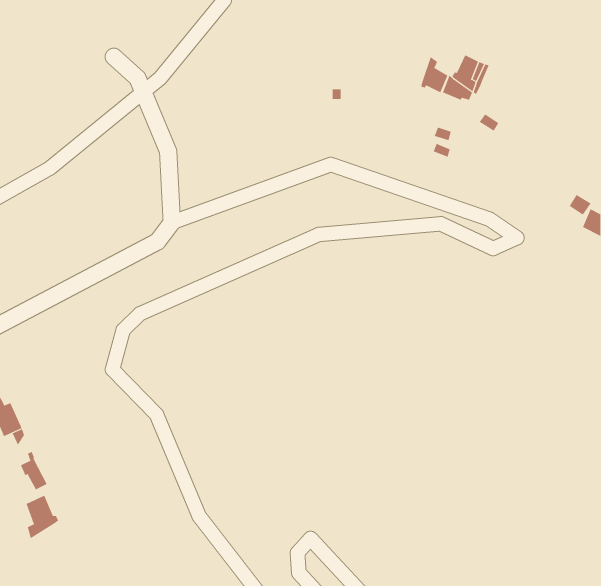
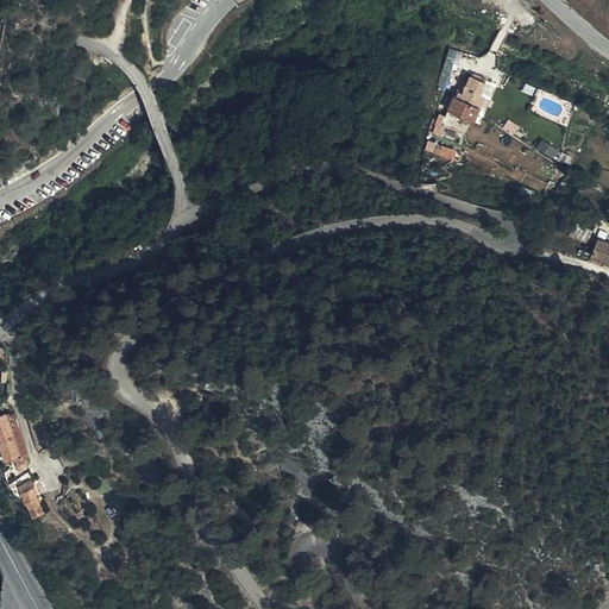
building: [421,56,448,93] -> none
building: [26,495,59,539] -> none

